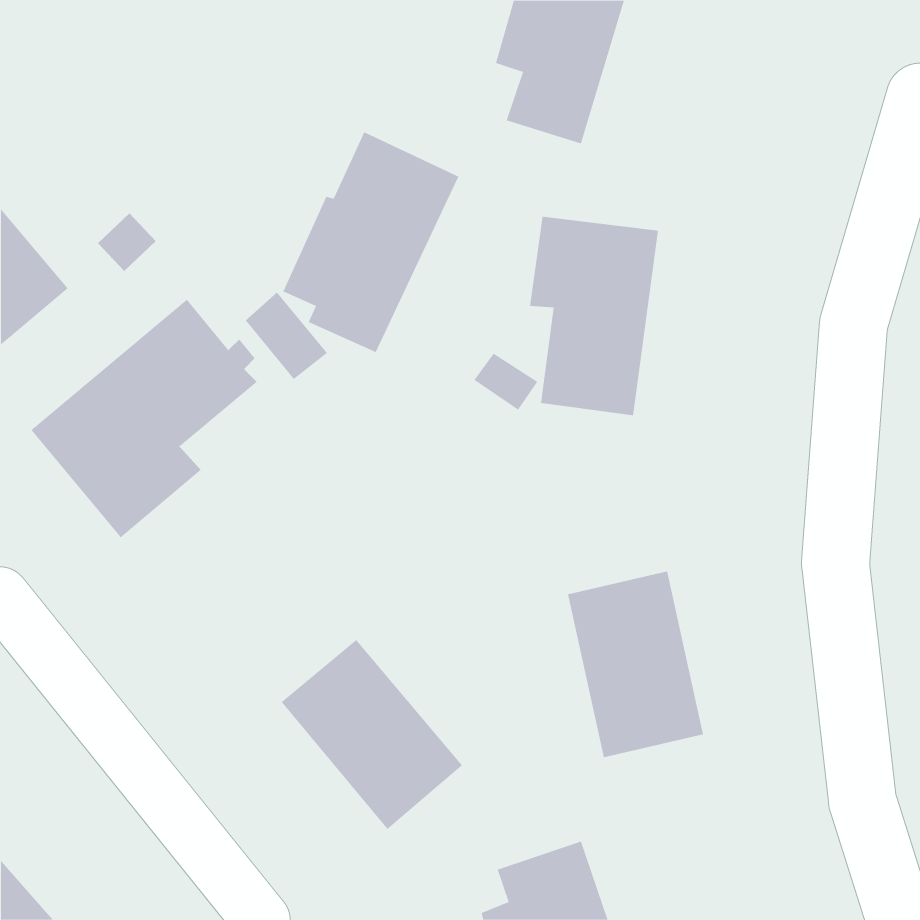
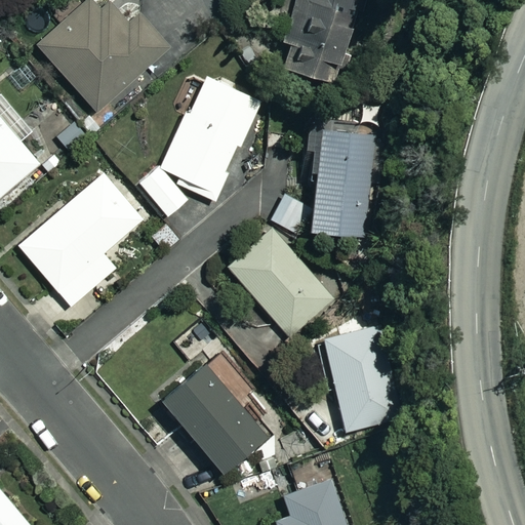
building: none -> [40,4,173,113]
building: none -> [227,228,332,336]

